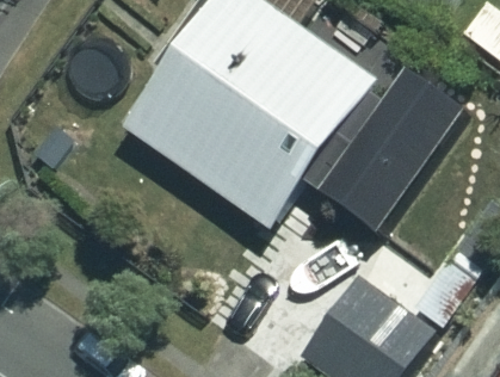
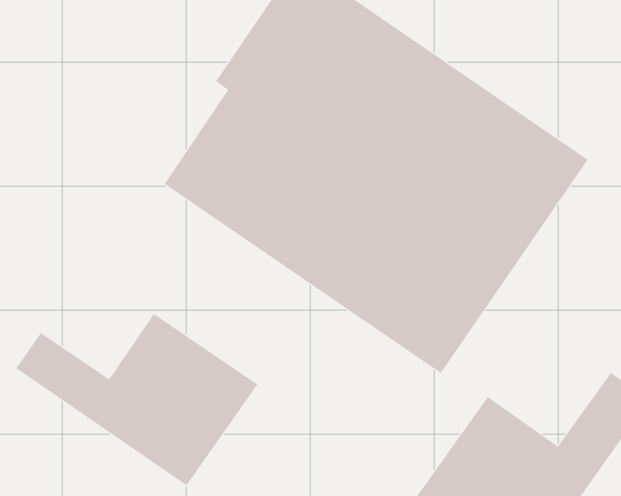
building: none -> [15,313,258,486]

